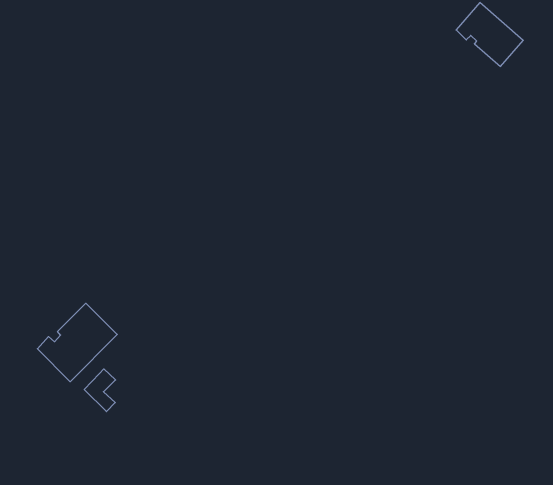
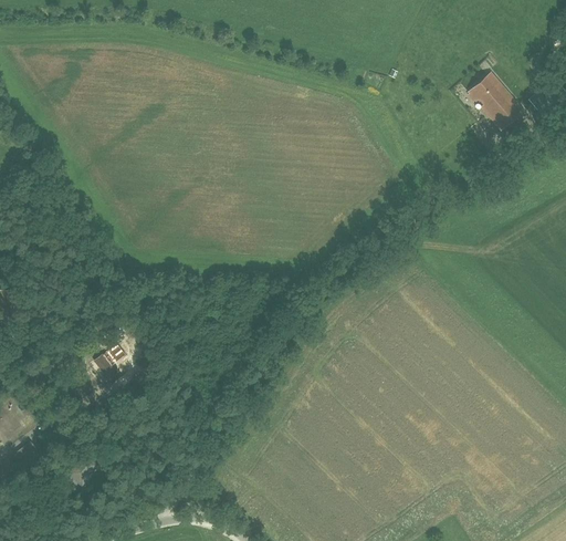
building: [37,303,117,382] -> none

